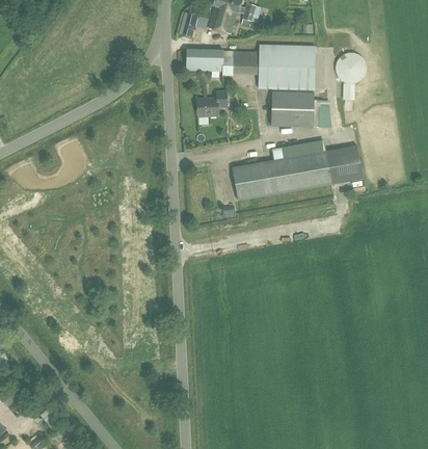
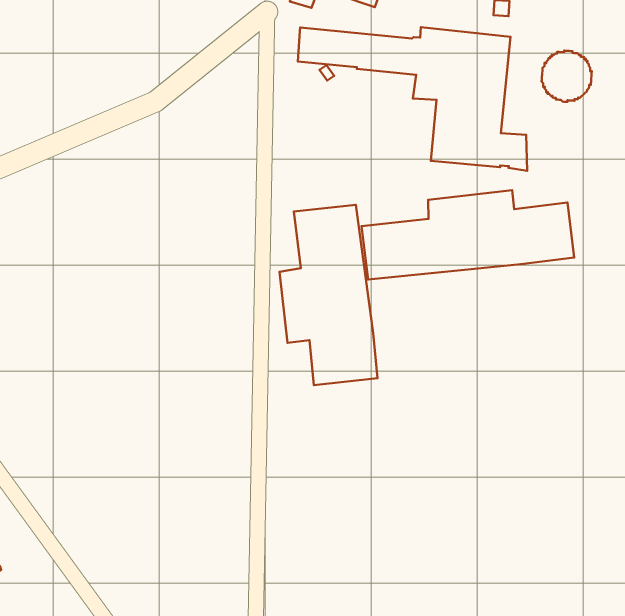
building: [197,90,226,115] -> none
building: none -> [279,205,378,385]

